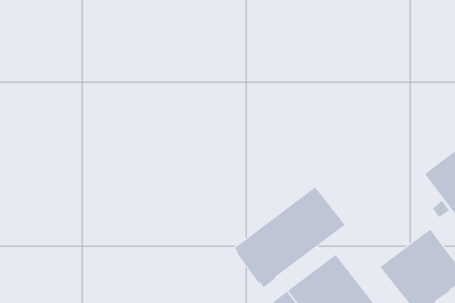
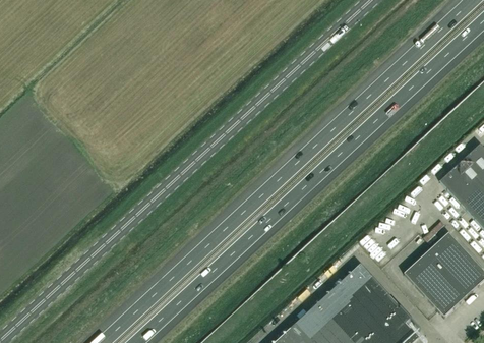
building: [234,187,345,288] -> none

